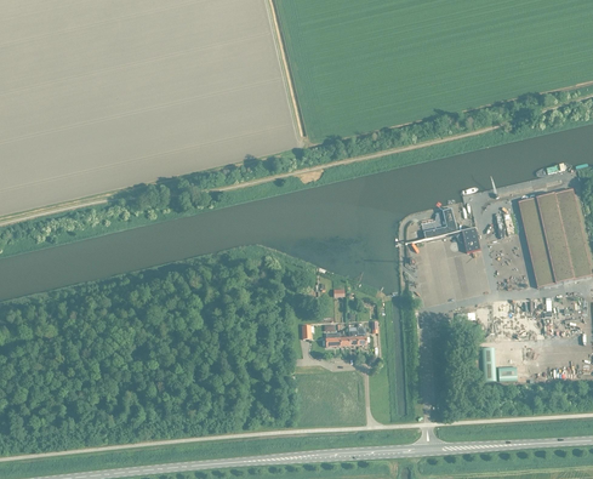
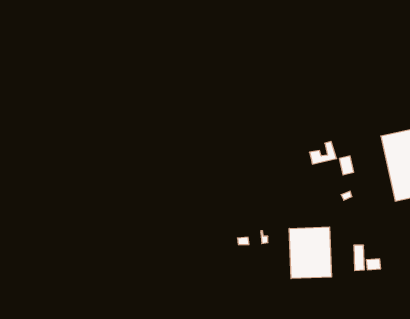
building: none -> [289,227,331,279]

